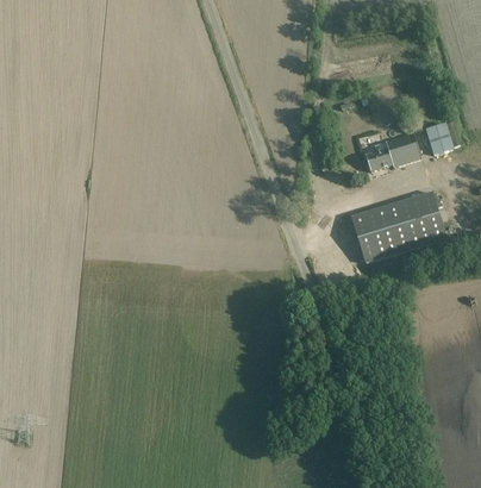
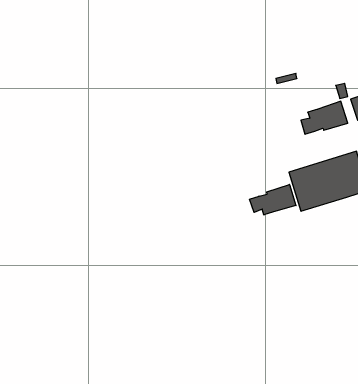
building: none -> [250,184,296,215]

